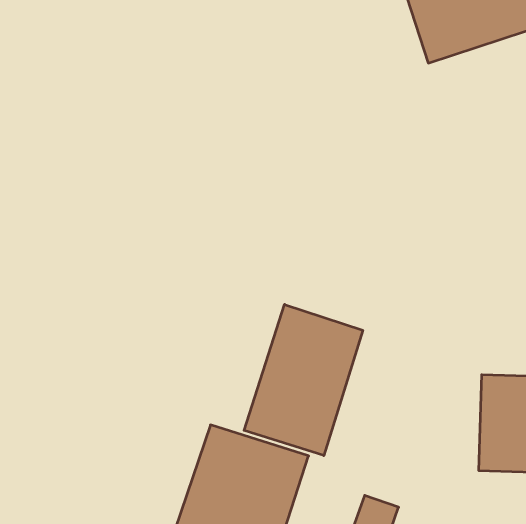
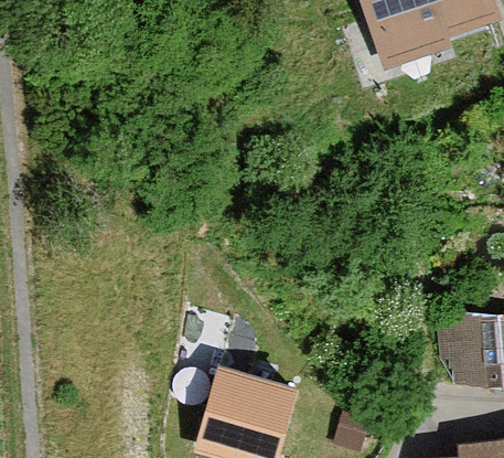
building: [244,304,363,456] -> none

